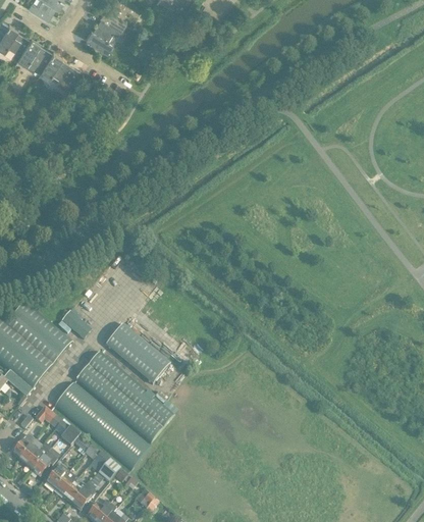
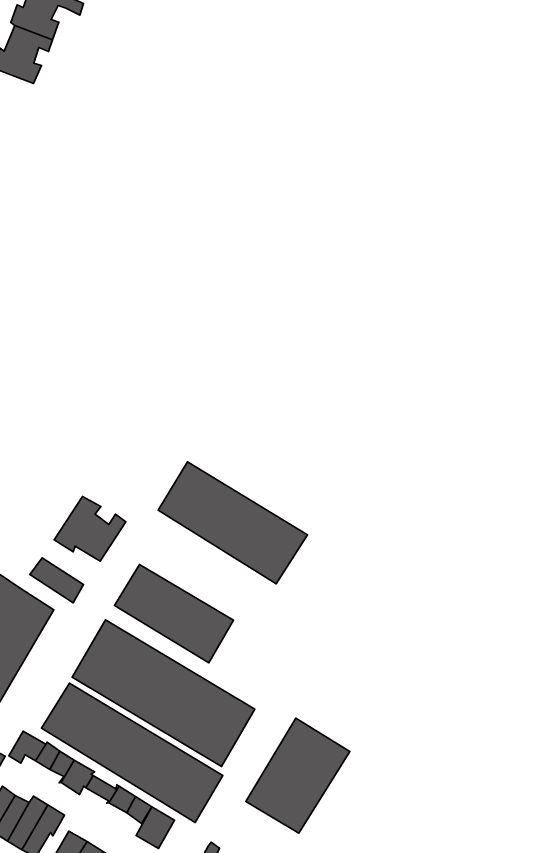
building: none -> [158,462,307,584]
building: none -> [54,496,126,561]
building: none -> [246,718,350,833]

